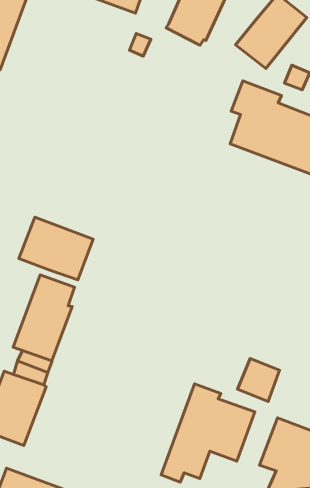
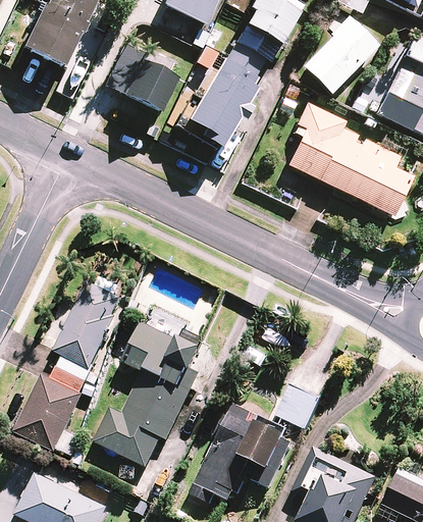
building: none -> [186,43,266,148]
building: none -> [104,47,178,113]
building: [19,217,93,280] -> none
building: none -> [95,321,199,466]

